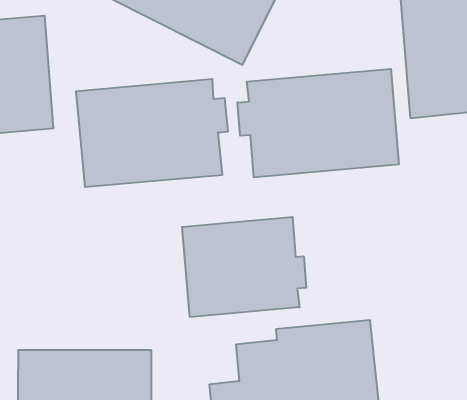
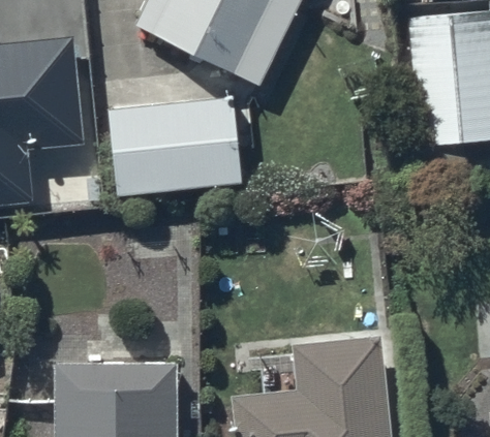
building: [237,69,399,177] -> none
building: [182,217,306,317] -> none

